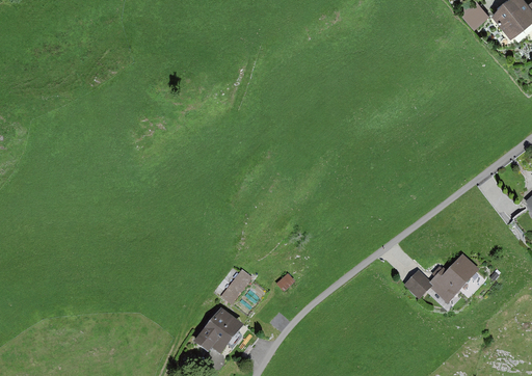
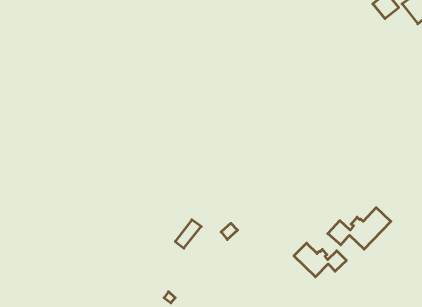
building: none -> [294,243,346,277]
building: [193,308,244,356] -> none

